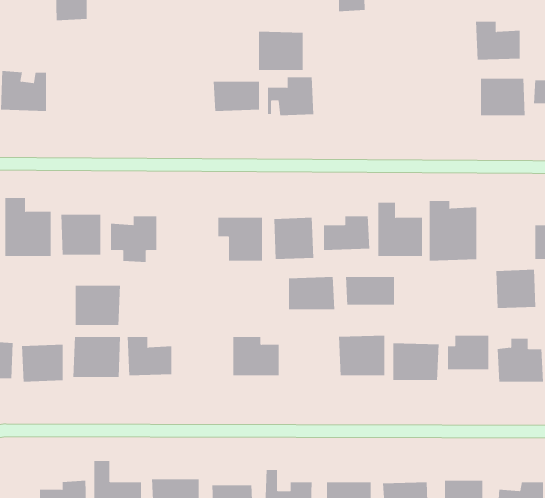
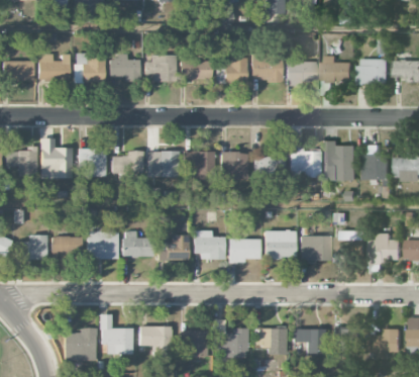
building: [475,21,521,60] -> [323,56,353,82]
building: [258,31,304,70] -> [252,54,283,80]
building: none -> [110,54,140,82]
building: none -> [75,55,105,84]
building: none -> [147,55,177,85]
building: none -> [287,62,318,86]
building: none -> [147,152,180,177]
building: [495,269,536,309] -> [362,154,390,180]
building: [345,276,395,306] -> none
building: [288,277,335,310] -> [229,239,260,261]
building: [75,285,120,326] -> none
building: none -> [159,235,190,260]

